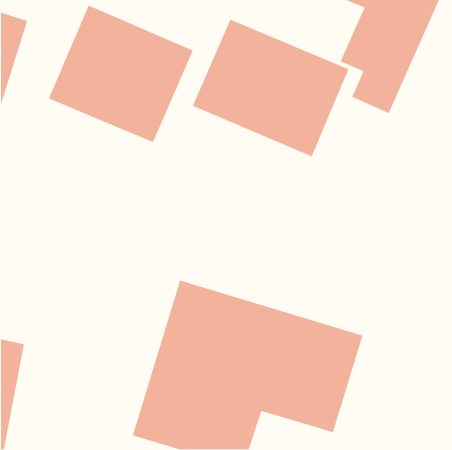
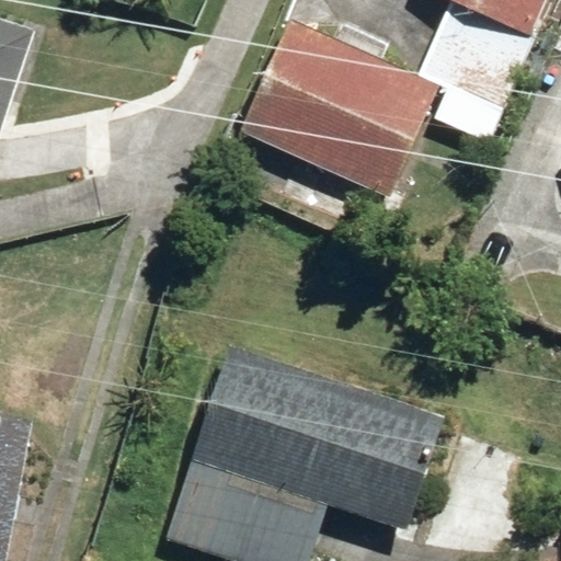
building: [48,5,194,143] -> none

